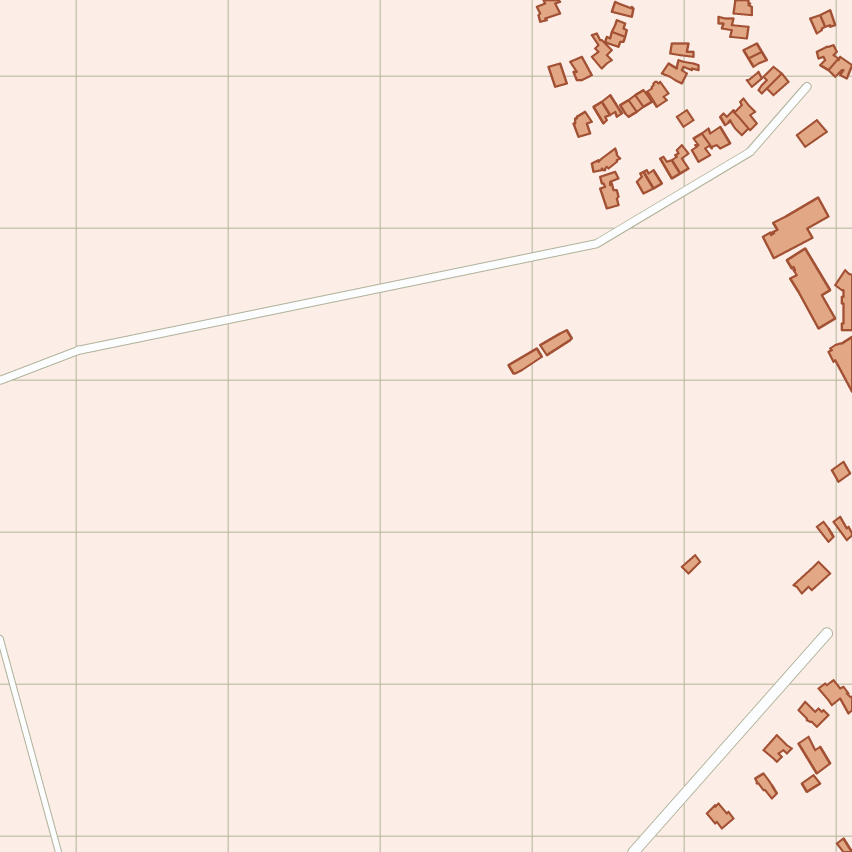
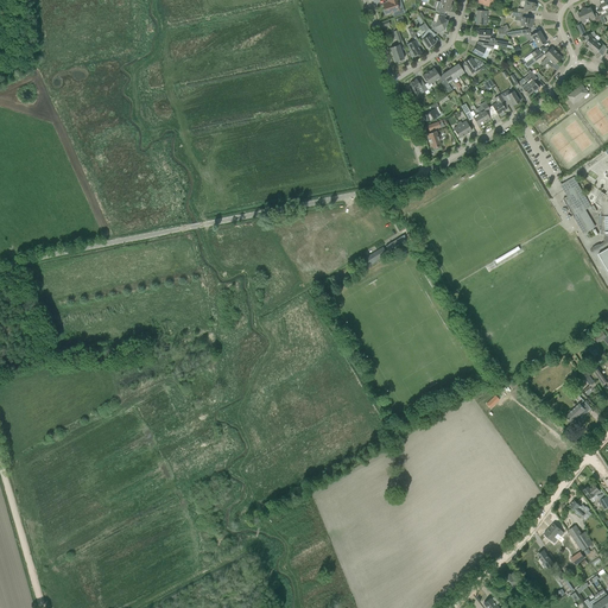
building: [763,197,828,258] -> none

